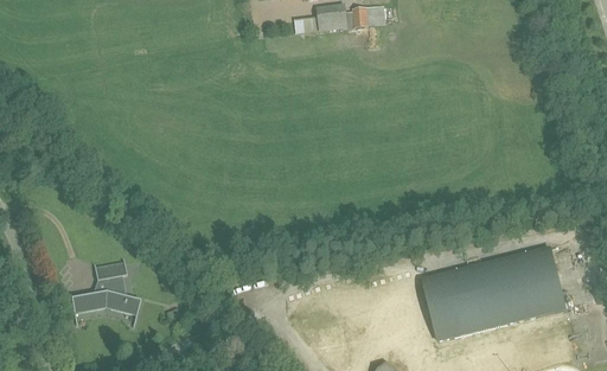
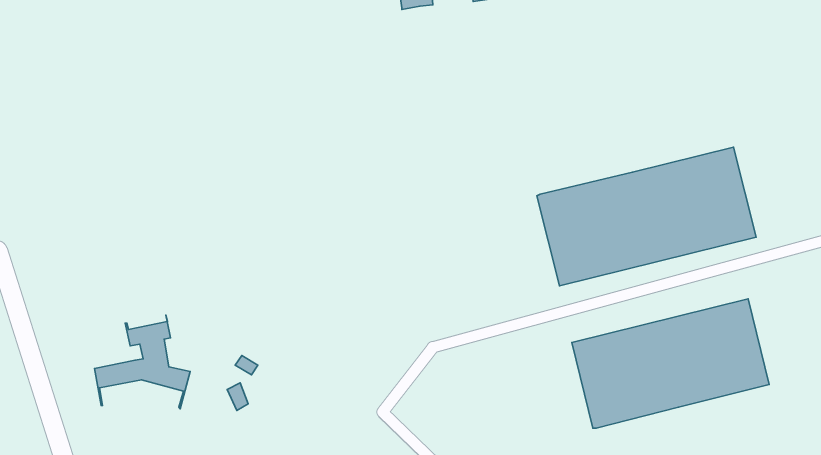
building: none -> [537,147,756,286]

